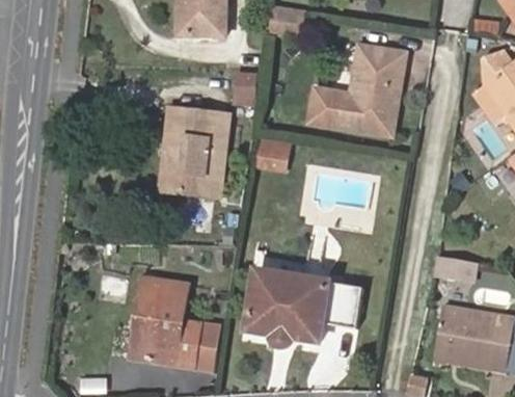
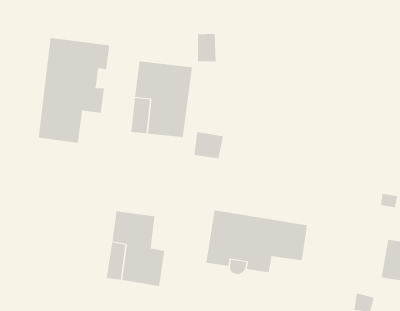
building: [308,46,405,136] -> none
building: none -> [38,37,110,143]
building: [255,138,290,169] -> [194,132,224,159]
building: [191,323,219,367] -> none

